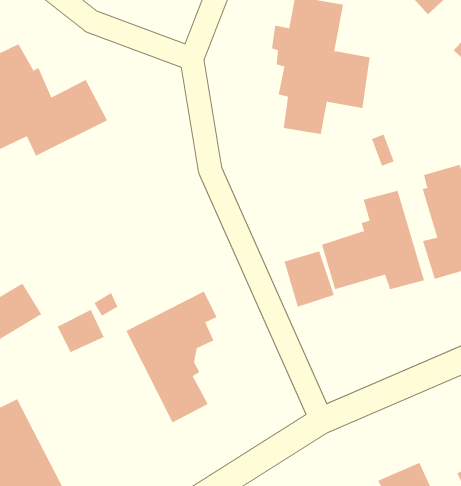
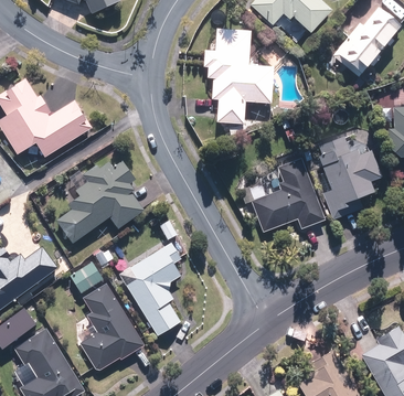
building: none -> [56,158,145,243]
building: [284,251,335,307] -> none
building: none -> [78,282,145,370]

